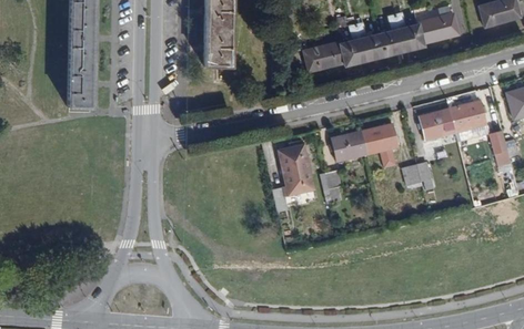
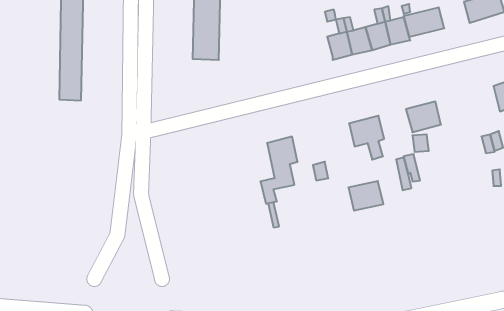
building: [303,41,345,72] -> none
building: [450,101,486,132] -> none
building: [332,131,367,161] -> [348,181,383,211]

